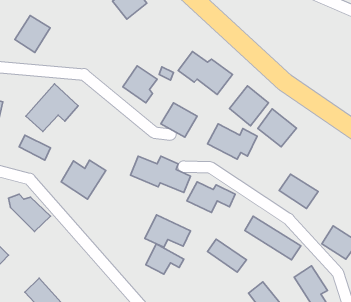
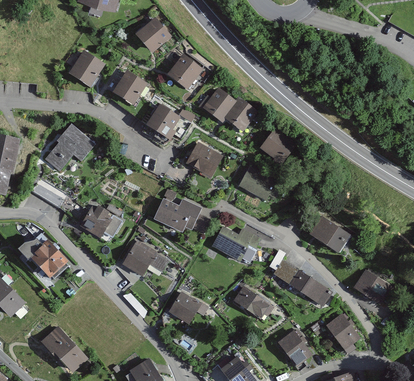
building: [15,16,50,53] -> [69,49,106,88]
building: none -> [166,54,200,88]
building: none -> [112,69,148,106]
building: [258,109,296,147] -> none
building: [145,215,191,247] -> [123,239,171,273]

